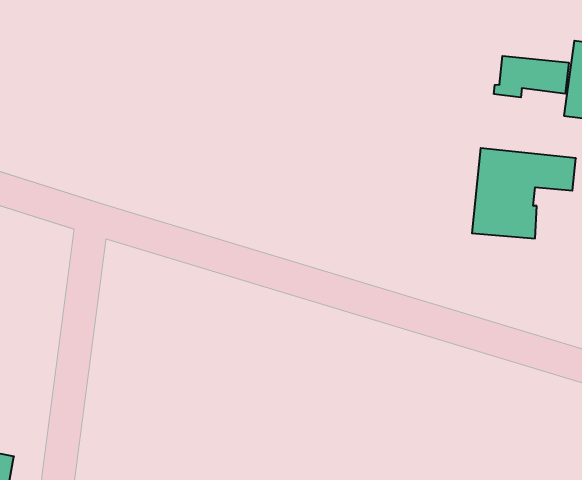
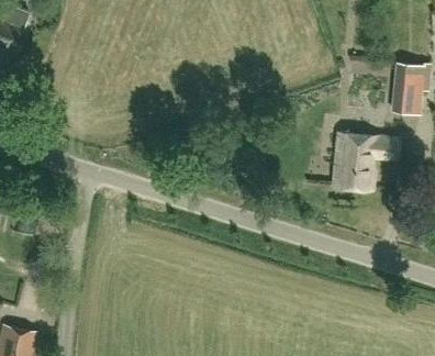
building: [494,56,569,97] -> none

